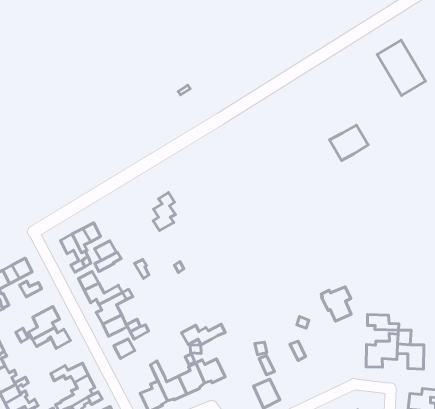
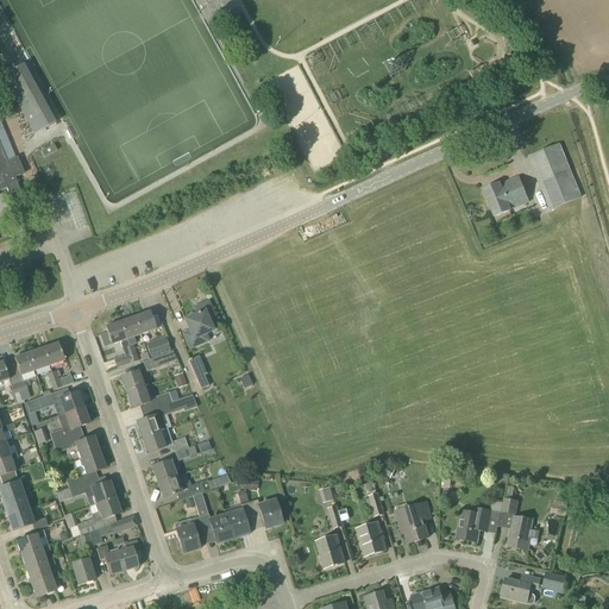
building: [330,125,368,160] -> [483,174,529,214]
building: [153,192,175,230] -> [183,300,213,345]
building: [321,287,351,321] -> [395,501,431,541]
building: none -> [25,385,83,414]
building: [367,315,399,330] -> none
building: [182,324,225,345] -> [157,473,211,498]
building: none -> [65,450,105,486]
building: none -> [357,520,385,554]

